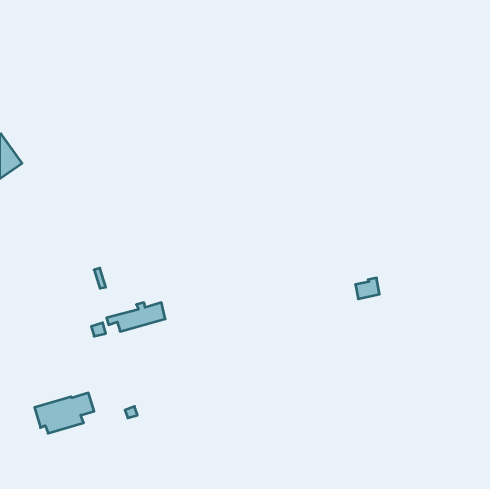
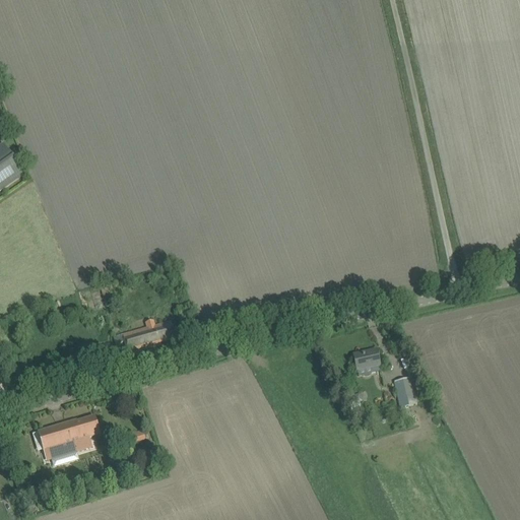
building: [355,278,379,299] -> [353,348,379,371]
building: none -> [393,378,416,407]

